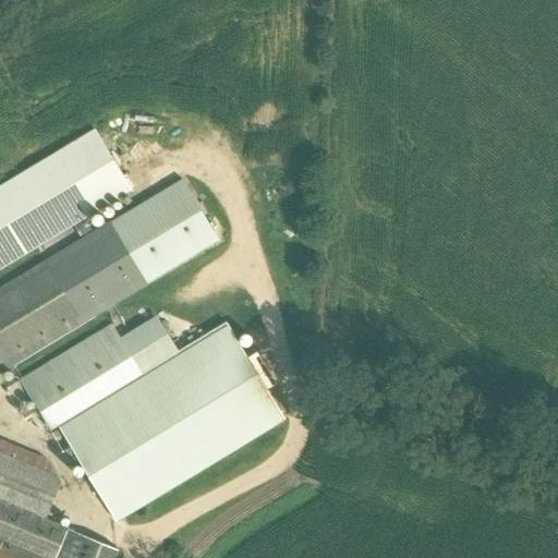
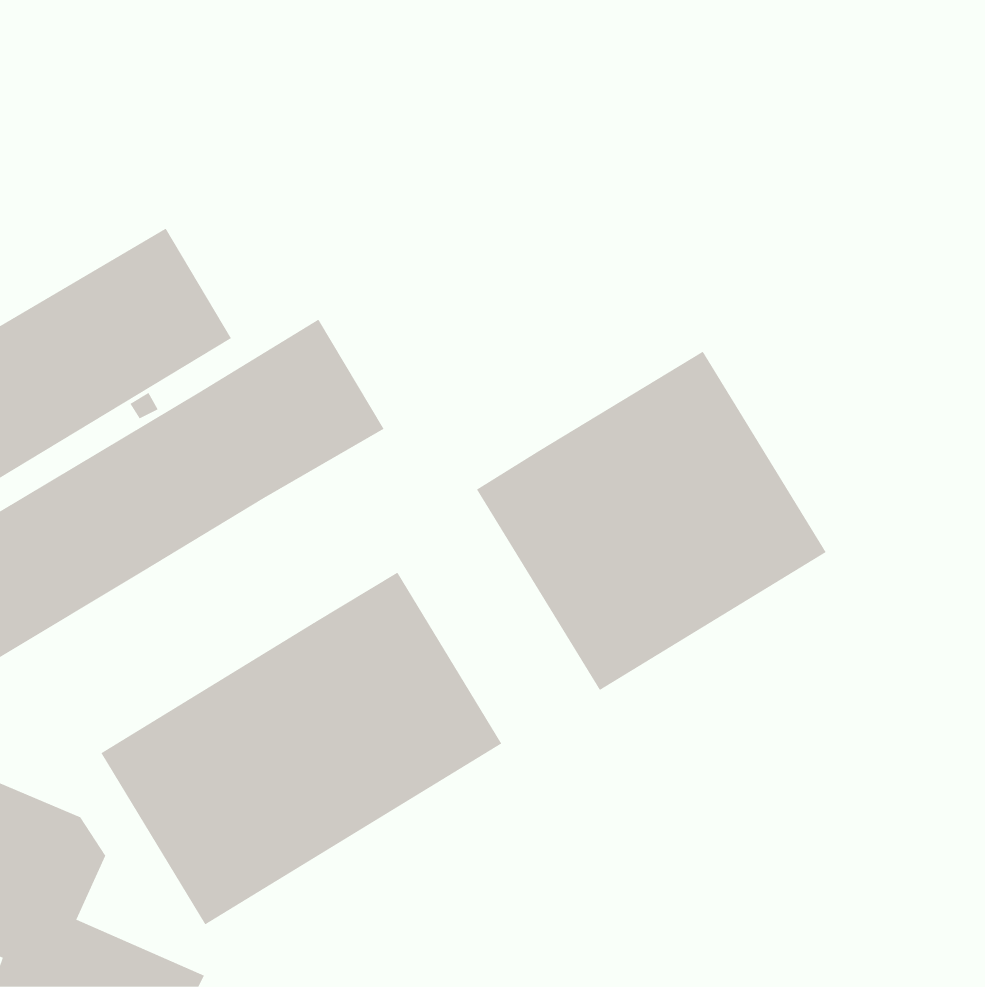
building: none -> [476,351,826,691]
building: [20,315,178,429] -> none

